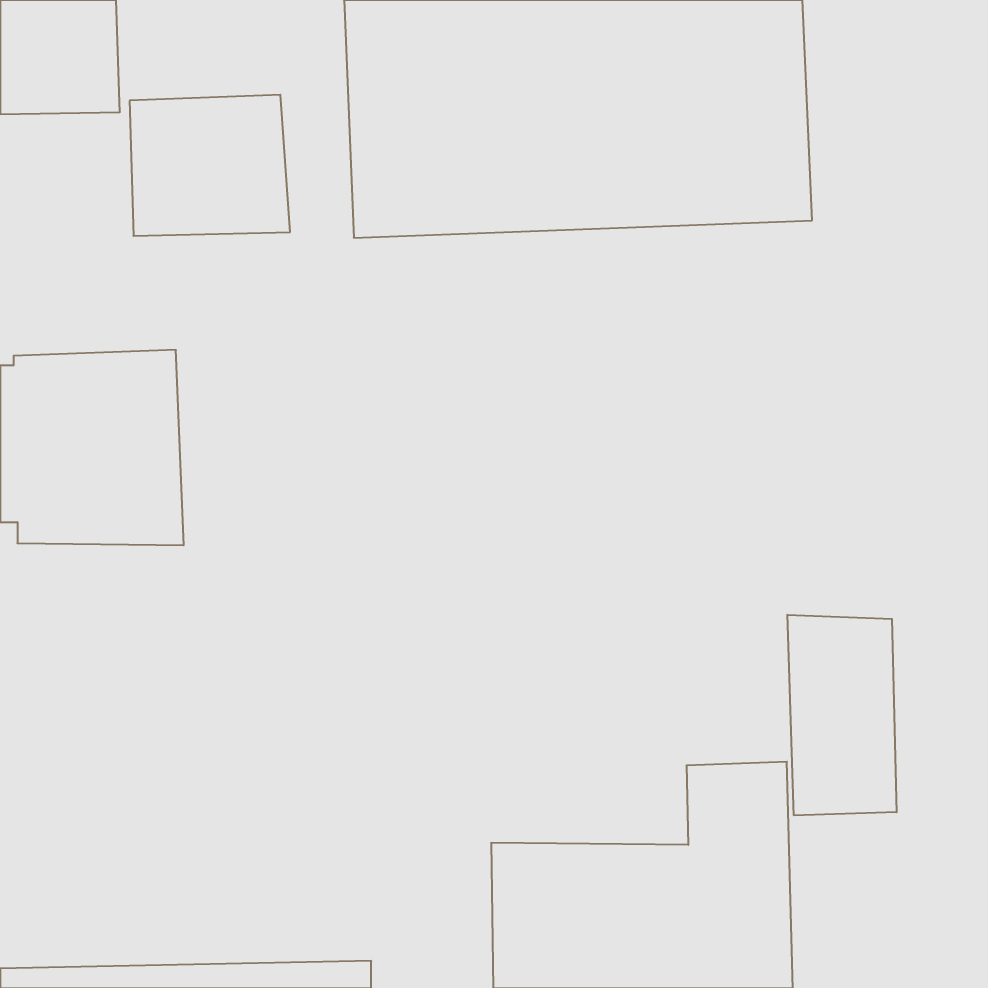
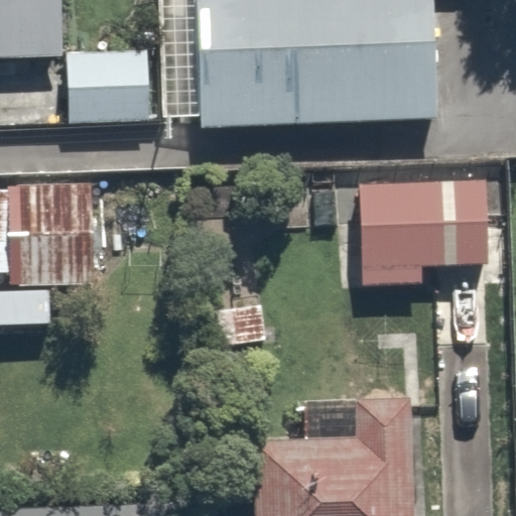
building: none -> [358,180,487,285]
building: [787,615,897,815] -> none

